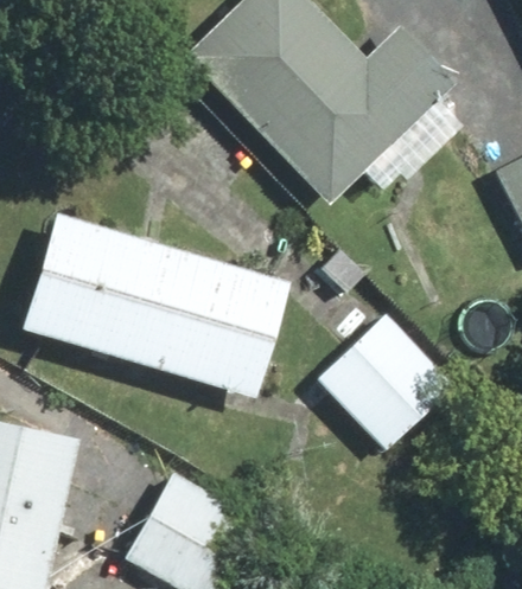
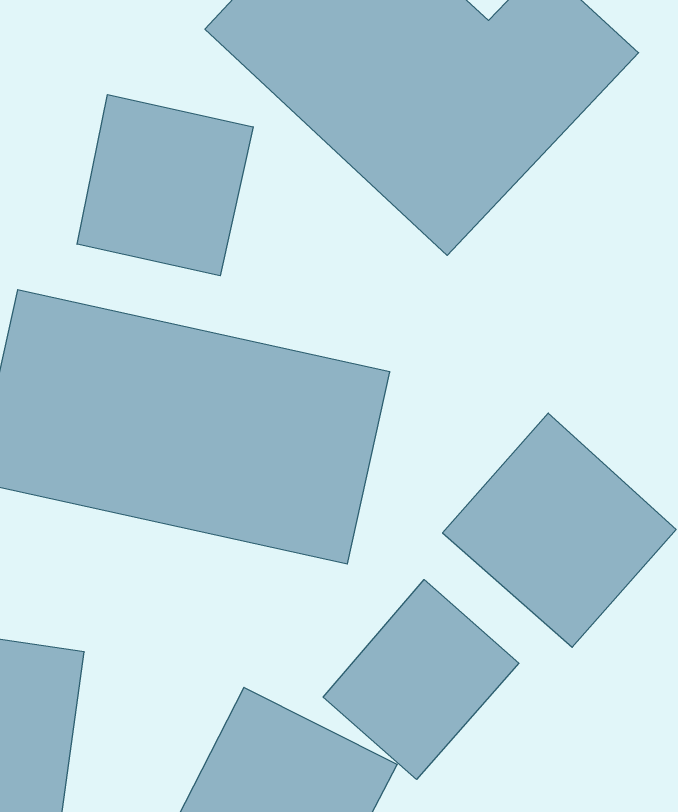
building: none -> [77,95,253,276]
building: none -> [323,580,519,779]

